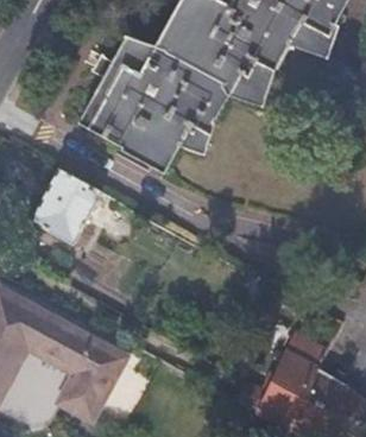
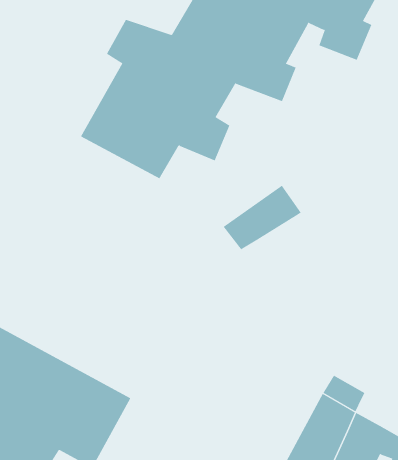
building: [29,169,102,247] -> none
building: none -> [223,185,302,250]

